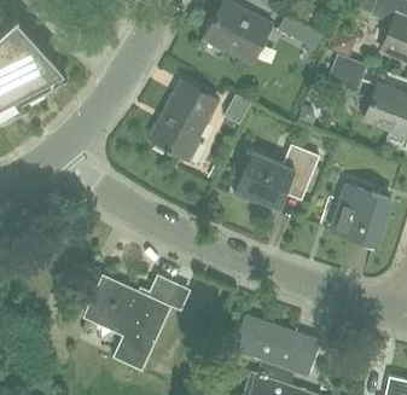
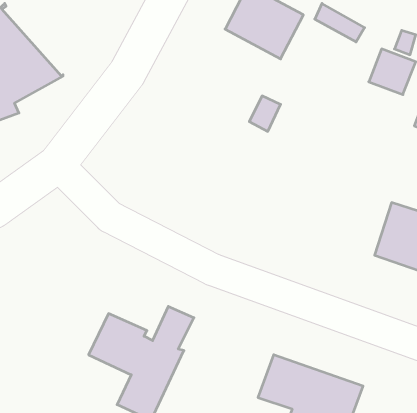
building: [151,80,217,159] -> none
building: [234,145,319,209] -> none

